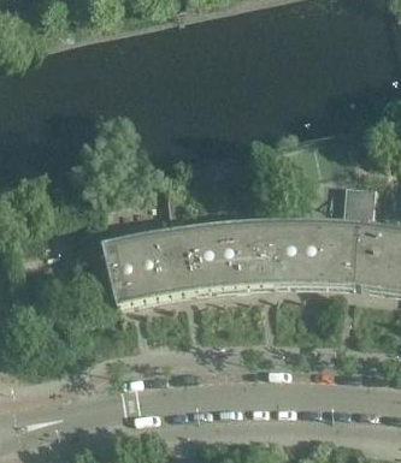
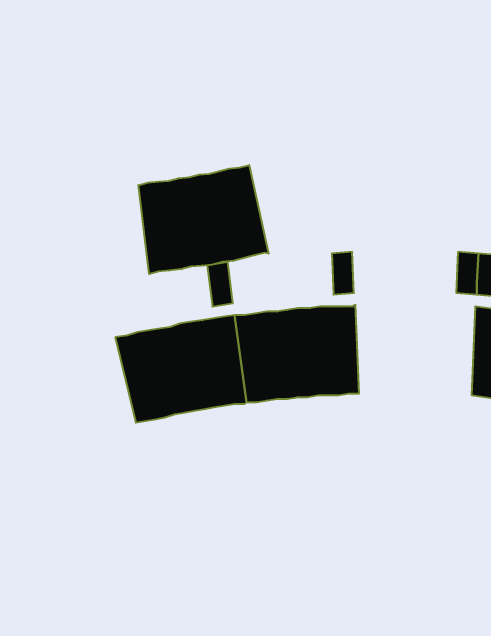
building: none -> [138,165,269,274]
building: [273,222,358,286] -> none

